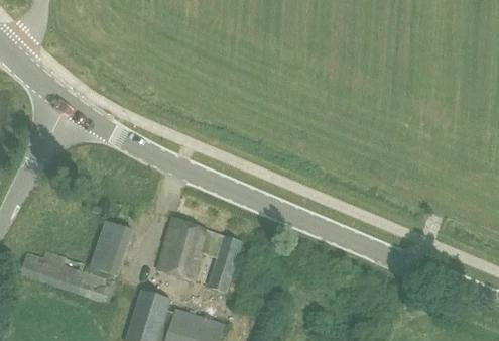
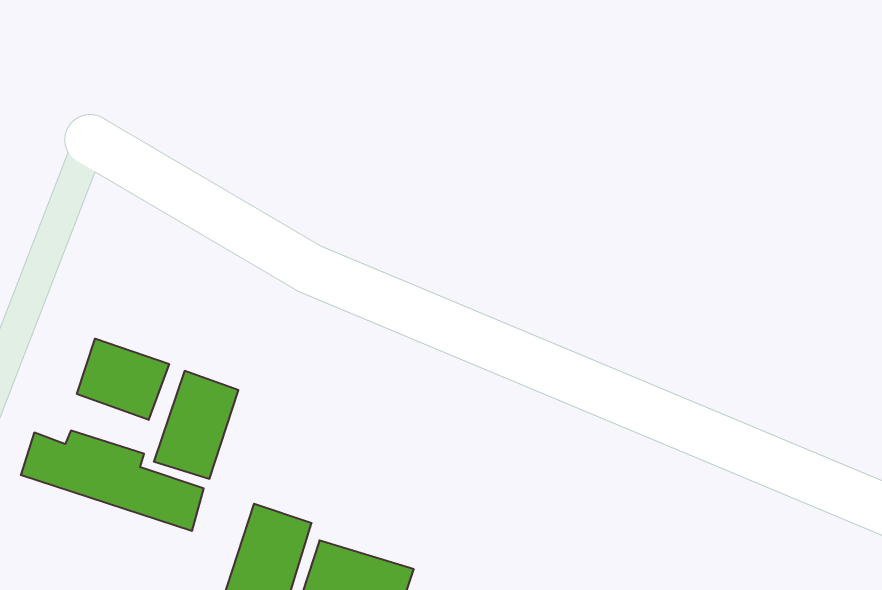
building: none -> [77,339,169,420]
building: [158,219,242,292] -> none

